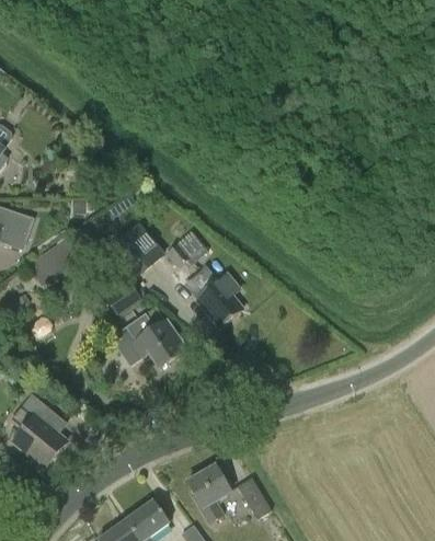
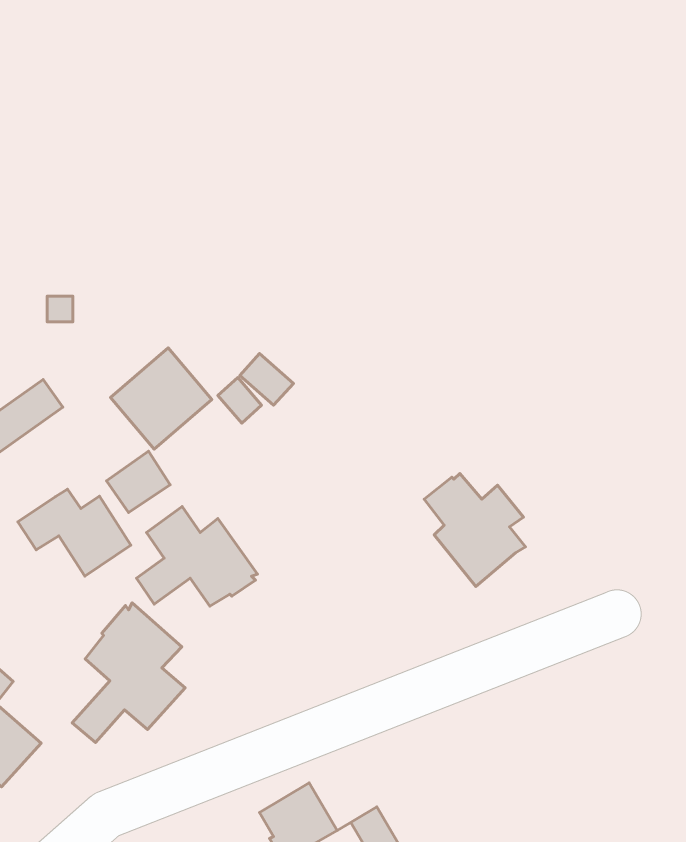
building: [186,266,242,329] -> [424,473,525,587]
building: none -> [18,489,131,576]
building: none -> [72,603,185,742]

